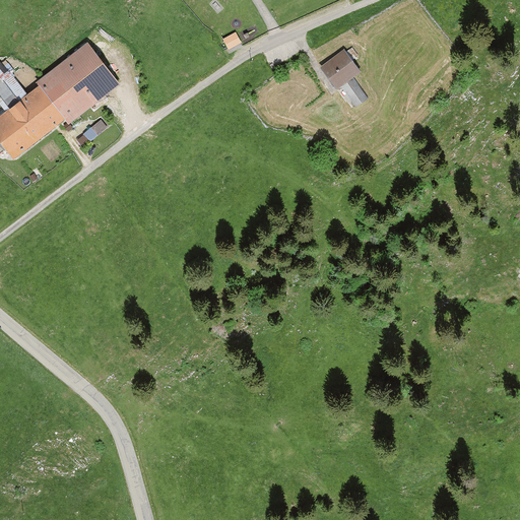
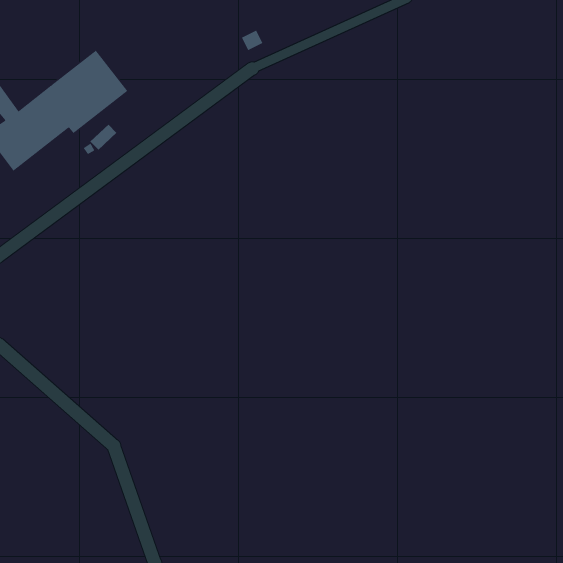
building: [320,50,366,106] -> none

